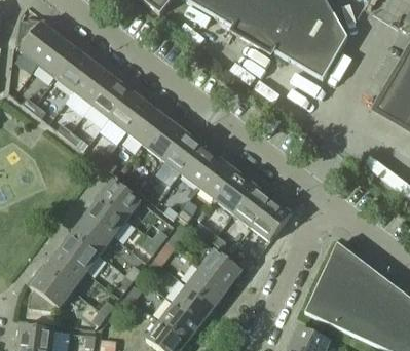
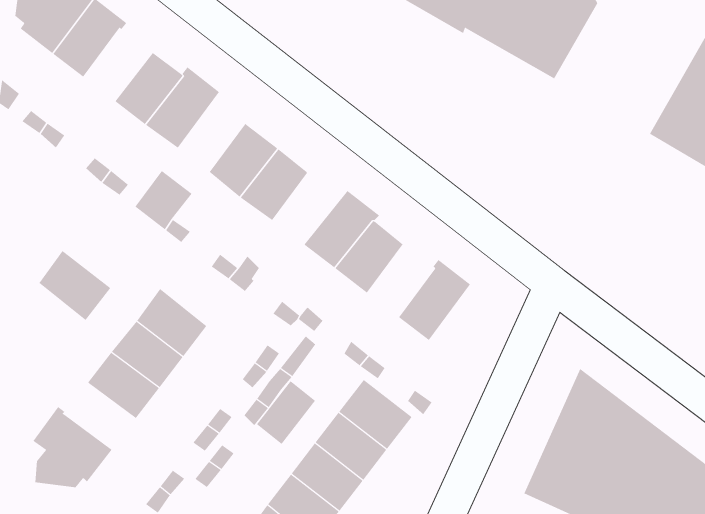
building: [57,50,96,91] -> none
building: [110,86,152,131] -> none
building: [163,127,206,172] -> none
building: [217,172,255,213] -> none
building: [100,179,141,219] -> [38,250,111,321]
building: [252,195,294,241] -> none
building: none -> [256,380,316,445]
building: [45,250,86,288] -> none

